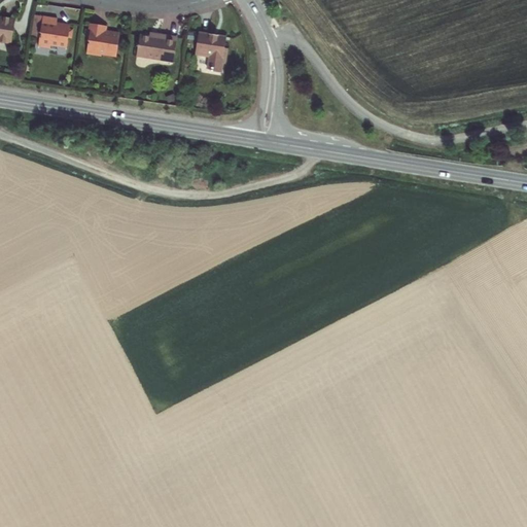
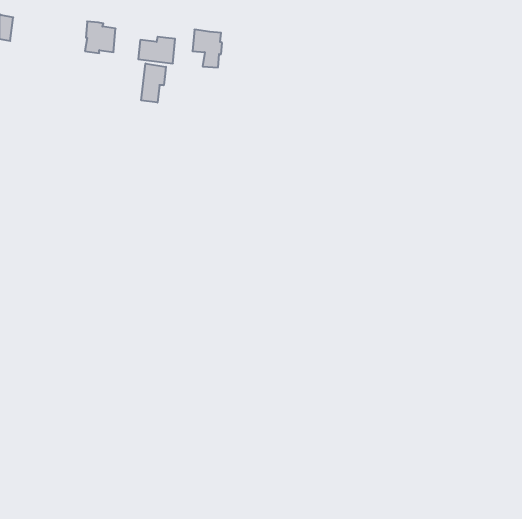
building: [41,15,72,48] -> none
building: none -> [141,63,166,103]

